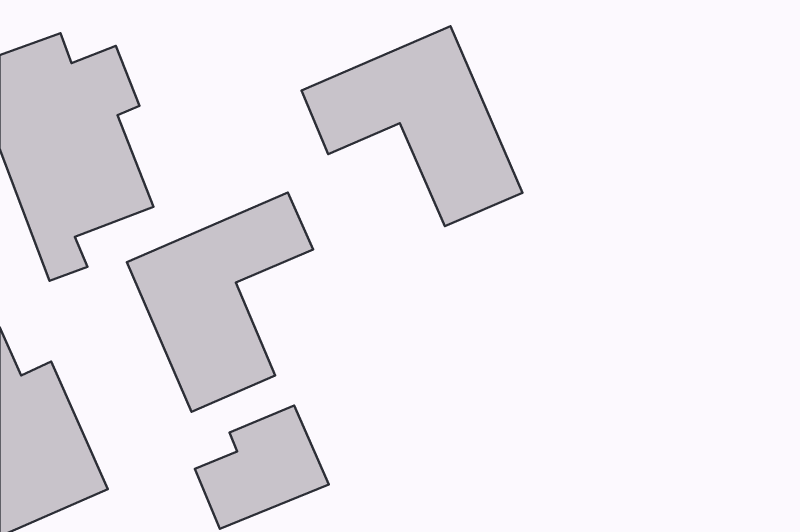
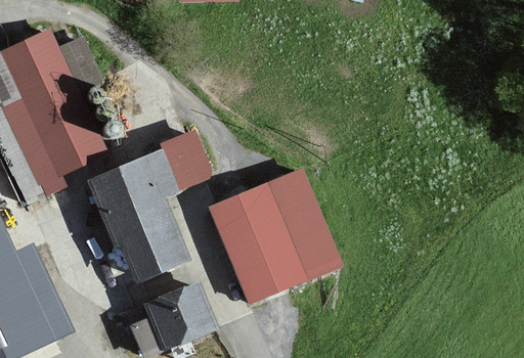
building: [301,26,523,226] -> none
building: none -> [211,170,341,307]

